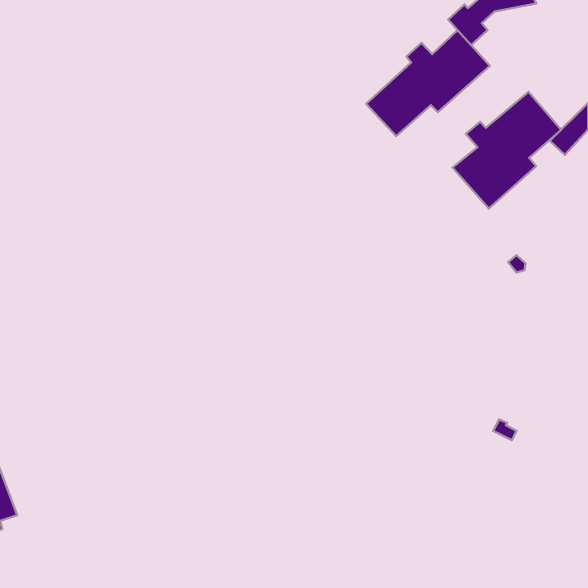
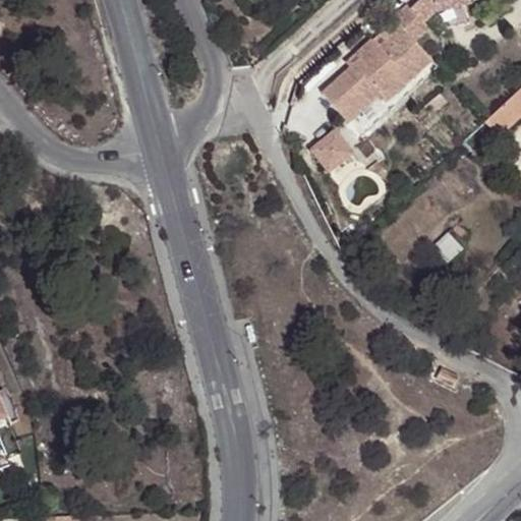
building: [453,92,561,208] -> none
building: none -> [306,123,353,170]

